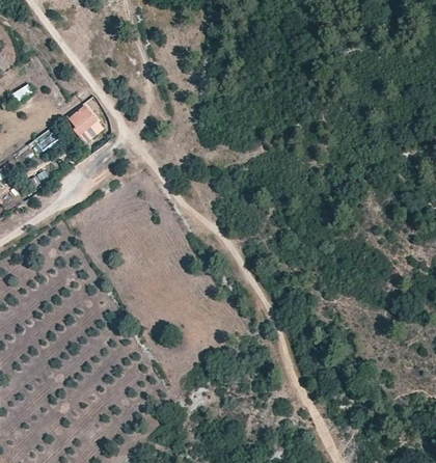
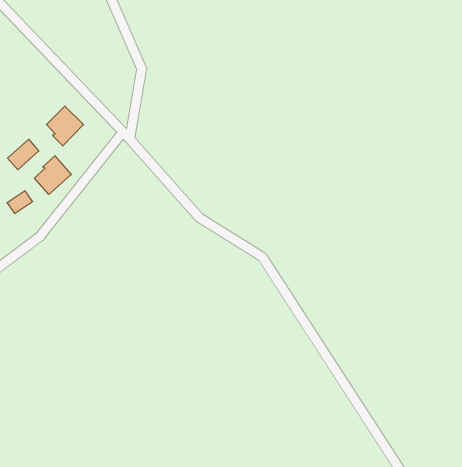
building: none -> [34,156,71,194]

